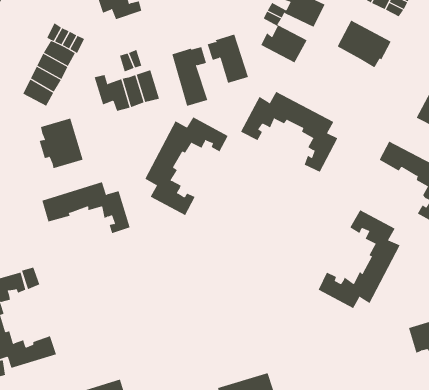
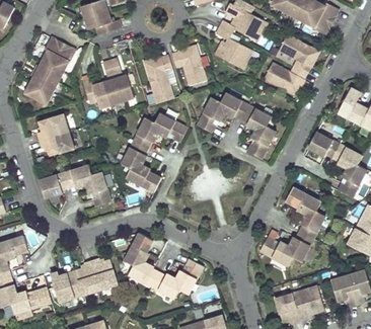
building: none -> [263,63,305,95]
building: none -> [125,232,202,298]
building: none -> [50,257,118,301]
building: none -> [275,284,324,323]

